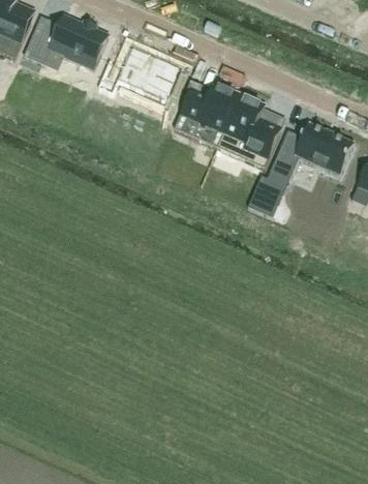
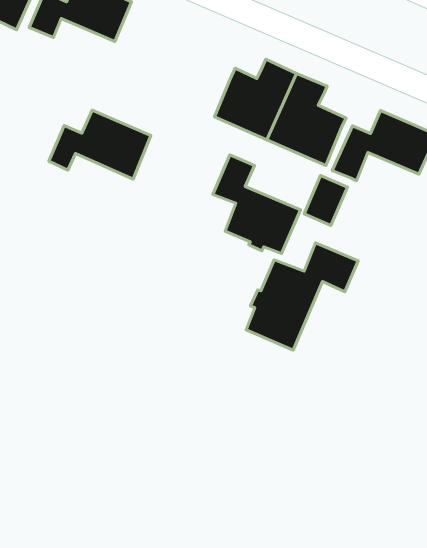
building: [96,46,179,101] -> [49,110,151,179]
building: none -> [213,155,300,254]
building: none -> [246,243,358,350]

